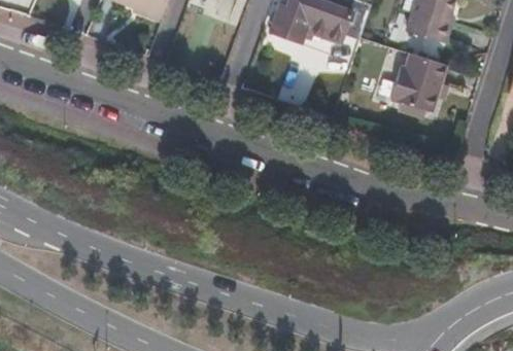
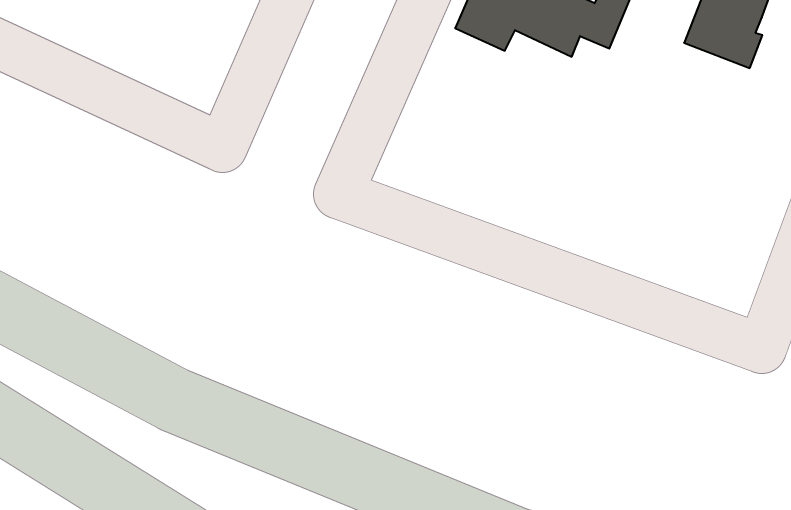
building: [388,52,446,113] -> none

